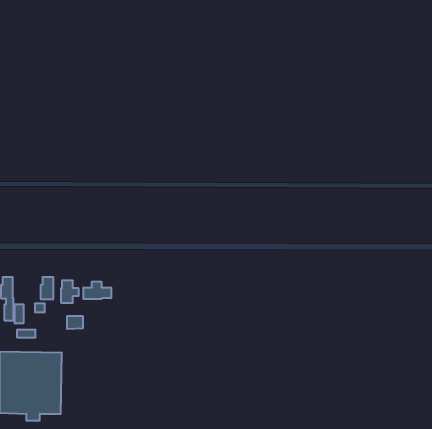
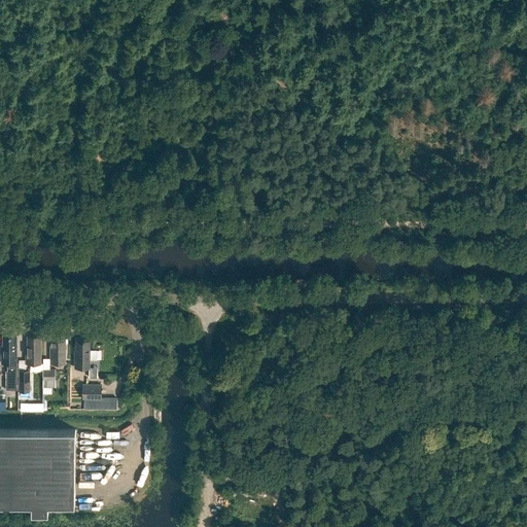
building: none -> [25,341,40,368]
building: [83,282,111,299] -> none

